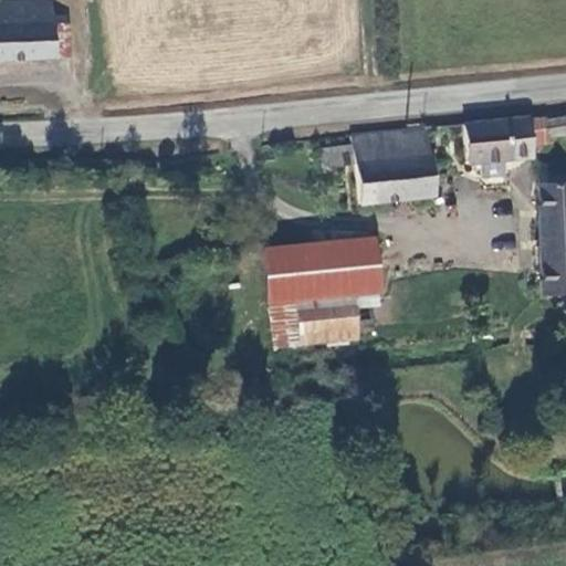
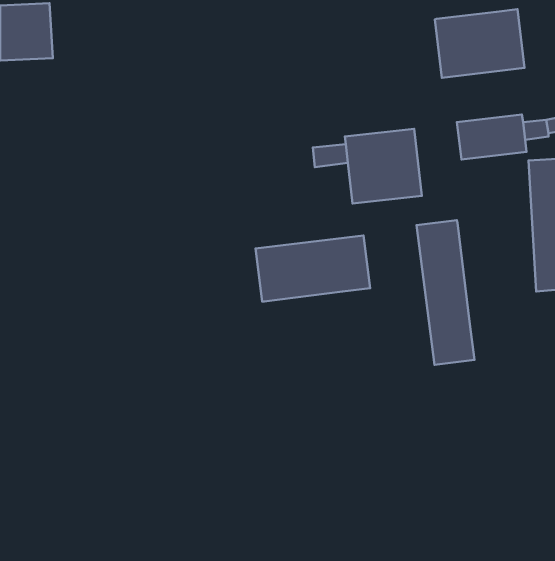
building: none -> [435,9,524,78]
building: none -> [417,220,475,365]
building: [273,293,357,346] -> none

